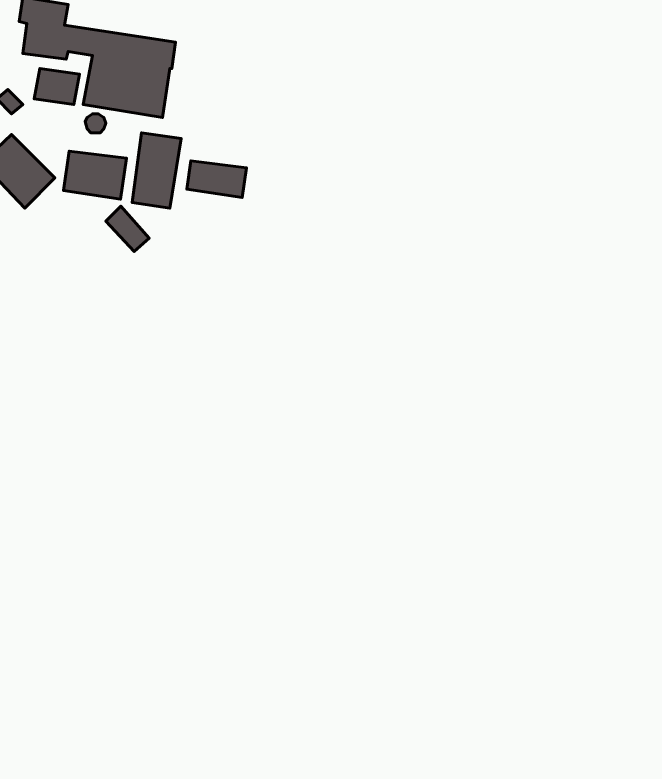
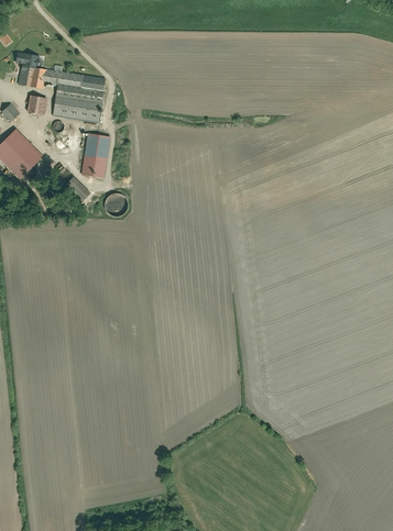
building: [64,151,127,199] -> none
building: [187,161,246,198] -> none

